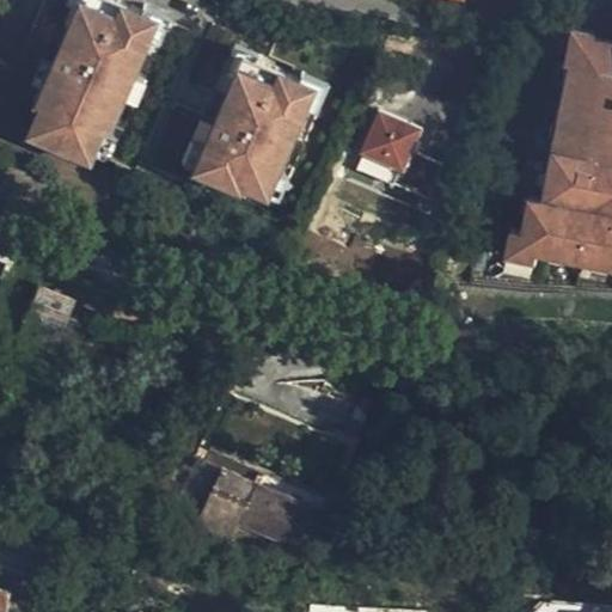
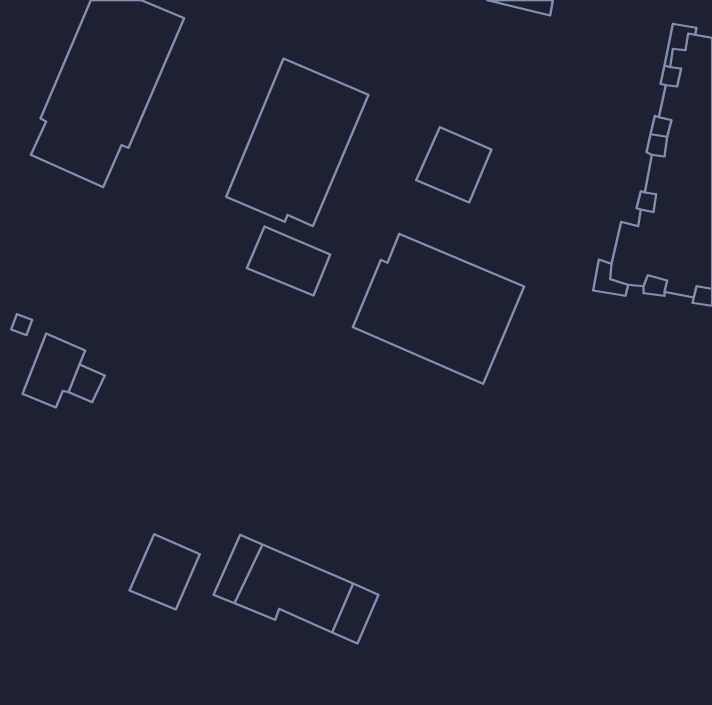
building: none -> [247,226,330,295]
building: none -> [353,234,524,384]
building: none -> [129,534,200,609]

